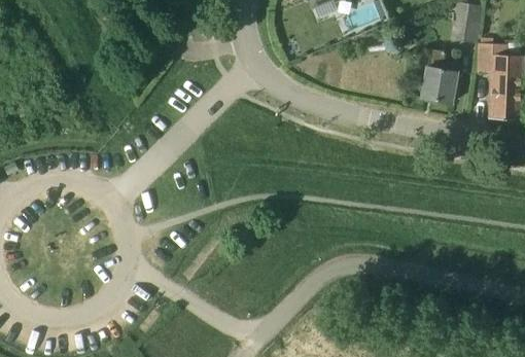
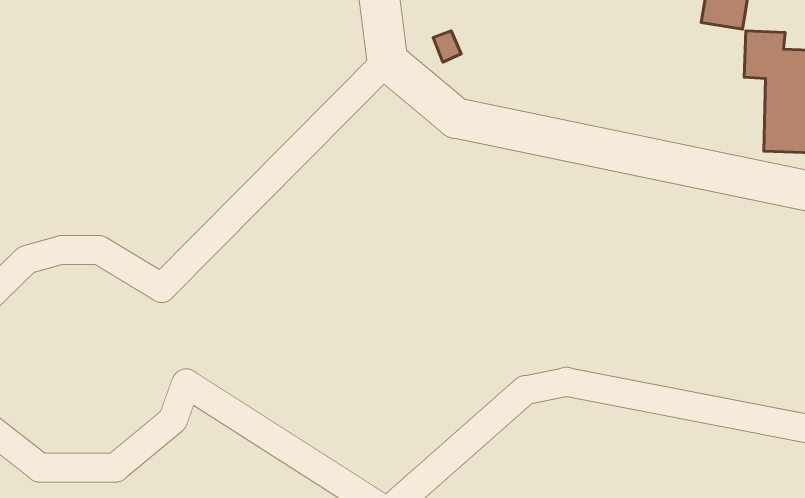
building: [421,48,456,102] -> none

